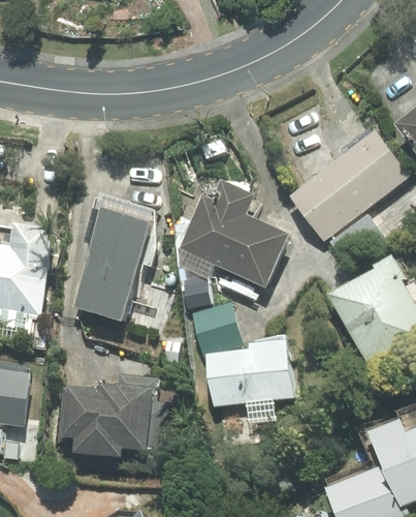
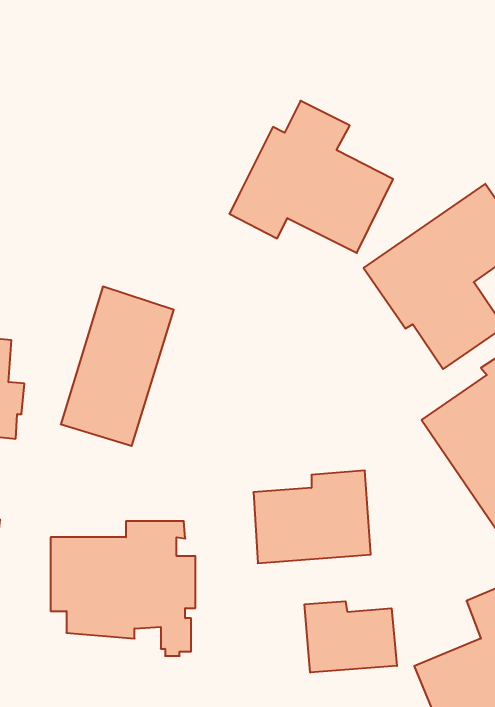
building: [172,179,289,287] -> [229,101,393,253]
building: [192,301,239,347] -> none
building: none -> [305,601,397,673]

